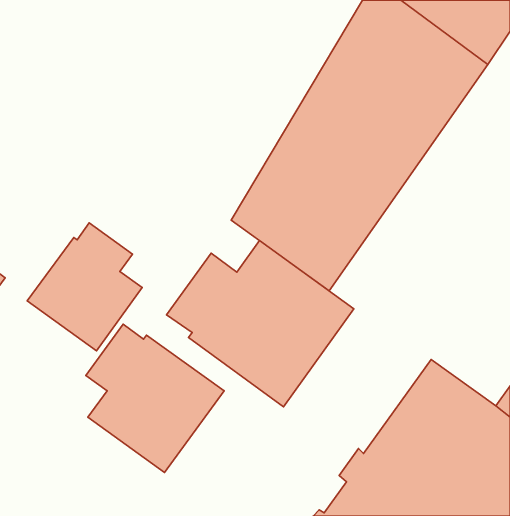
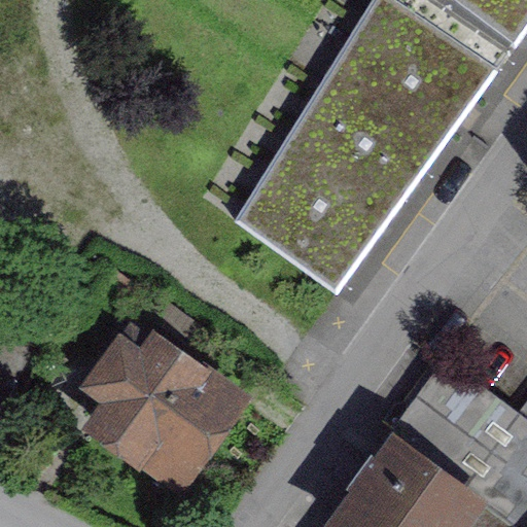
building: [27,223,142,351] -> none
building: [167,240,354,407] -> none

